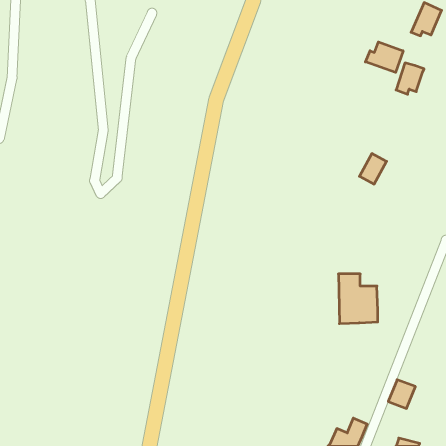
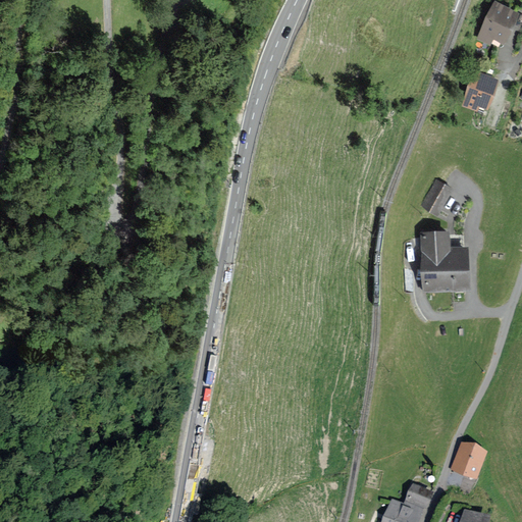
building: [365,42,403,72] -> none
building: [338,274,378,324] -> [421,233,467,292]

